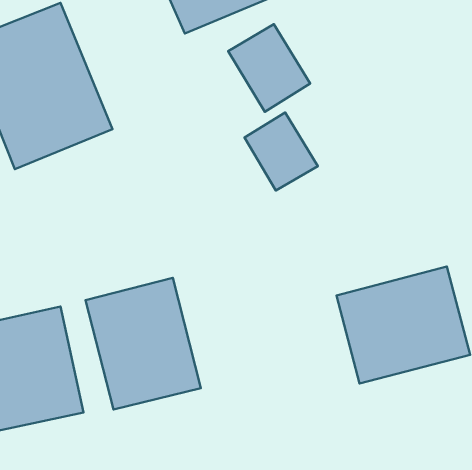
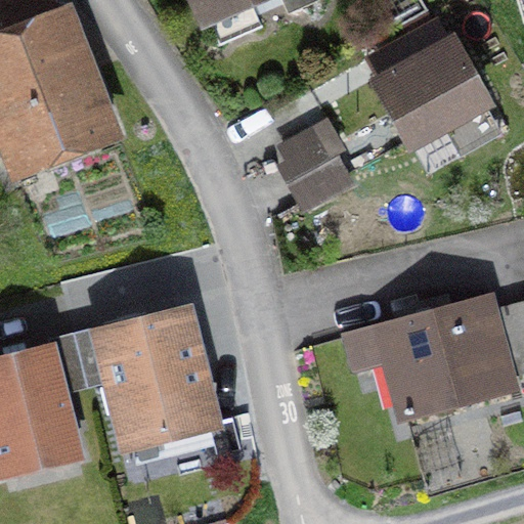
building: [228,24,310,112] -> none
building: none -> [370,31,495,148]

